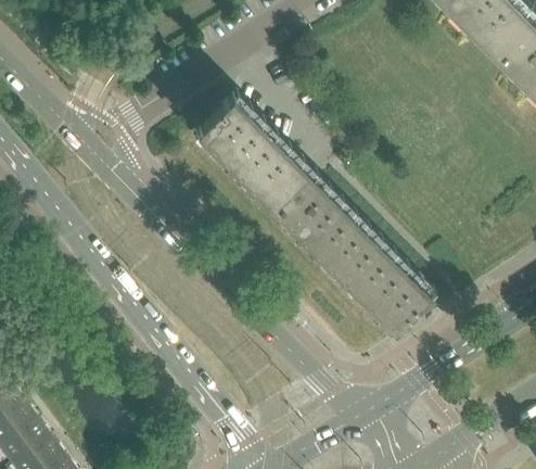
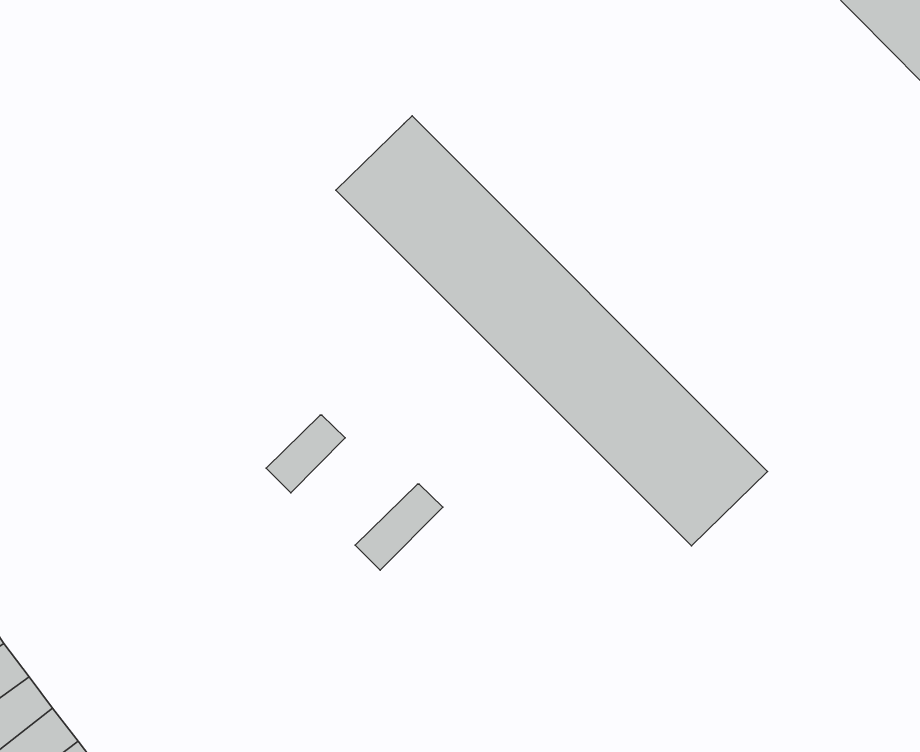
building: none -> [266,415,345,493]
building: none -> [355,484,443,570]

